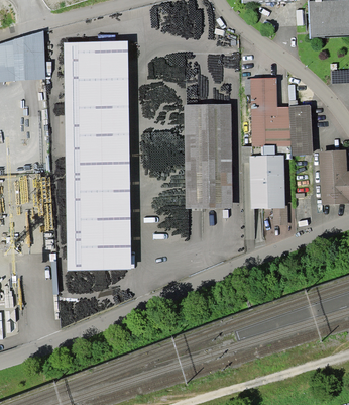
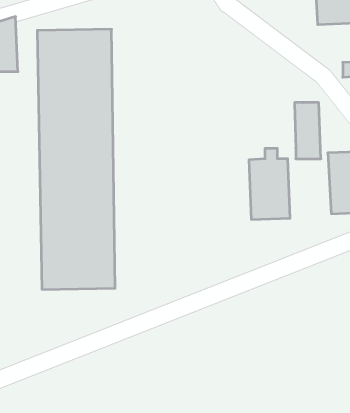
building: [244,77,290,147] -> none
building: [184,104,233,209] -> none

